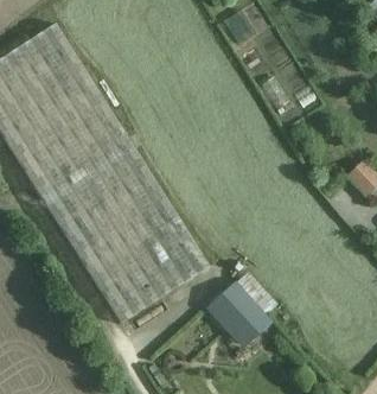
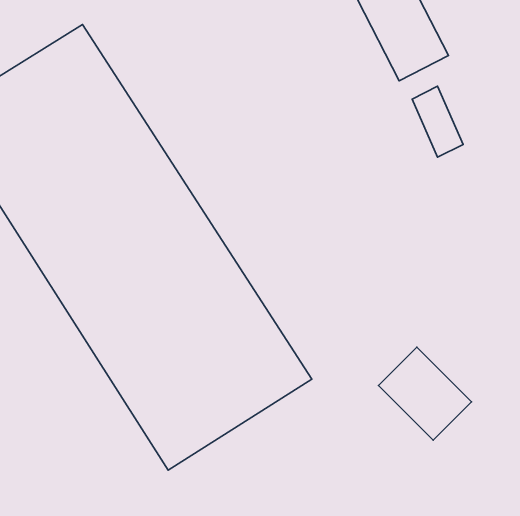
building: [215,284,275,344] -> [378,347,471,440]

